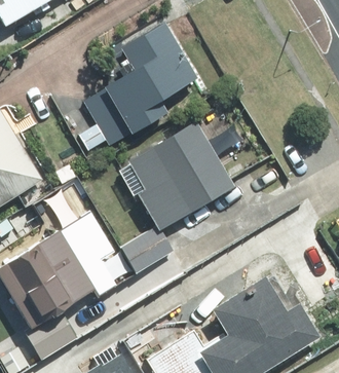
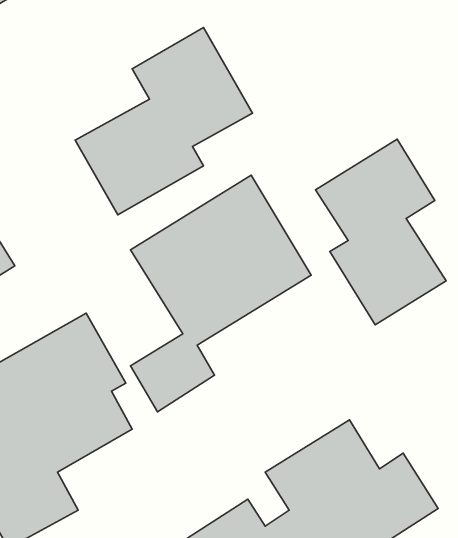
building: none -> [316,139,446,325]

